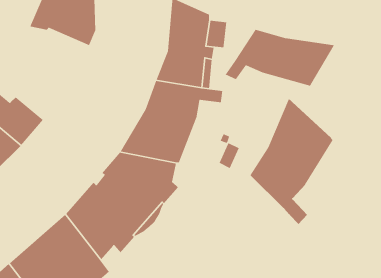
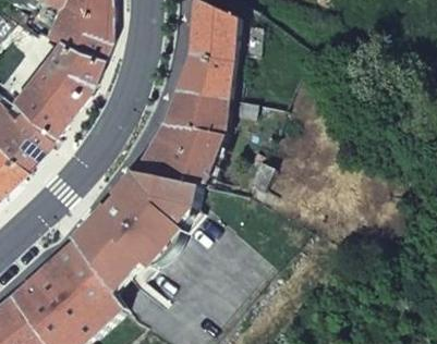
building: none -> [9,33,101,131]
building: [225,29,335,87] -> none
building: [250,98,334,225] -> none

